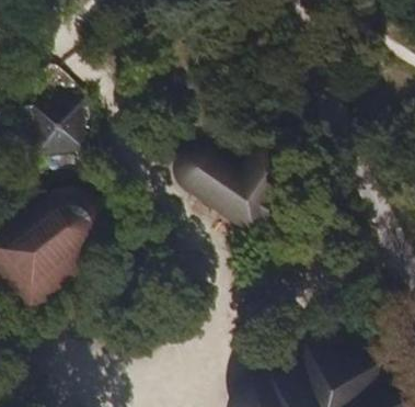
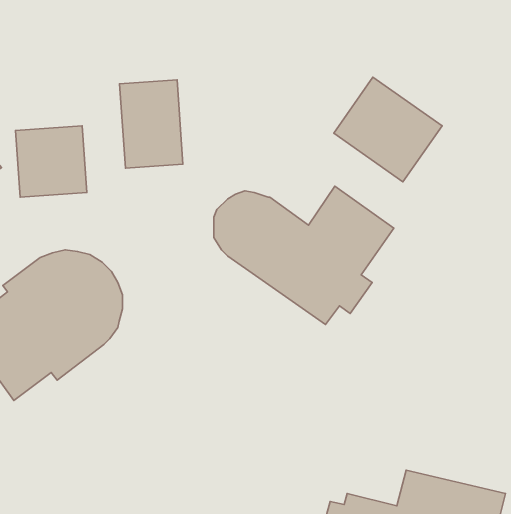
building: none -> [334,77,442,182]
building: none -> [120,80,183,168]

